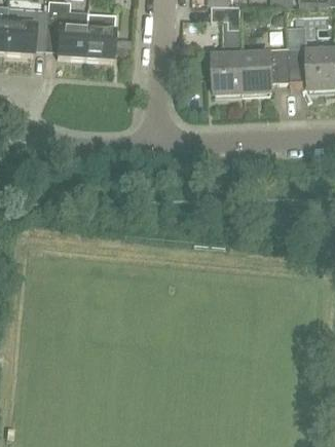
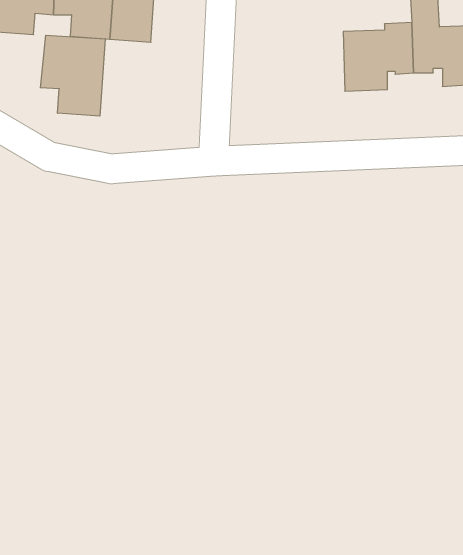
building: [212,52,243,94] -> none
building: none -> [40,35,105,116]

